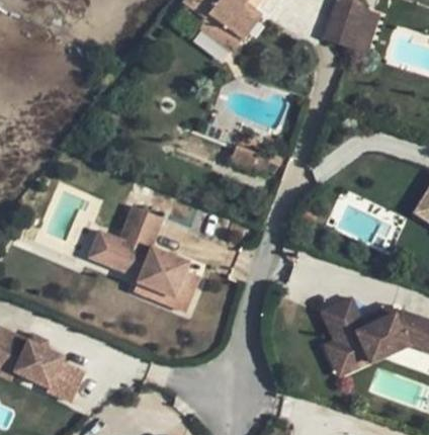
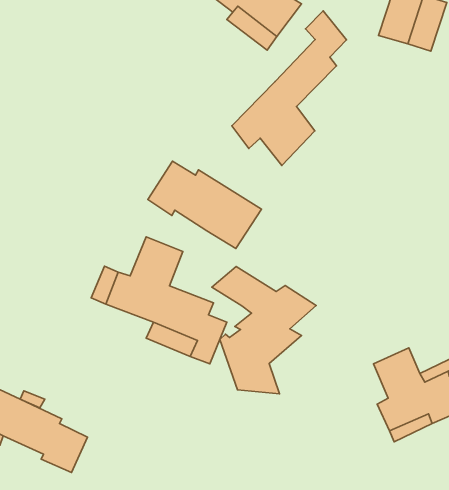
building: none -> [232,11,346,165]
building: none -> [148,161,262,248]
building: none -> [212,266,316,394]

